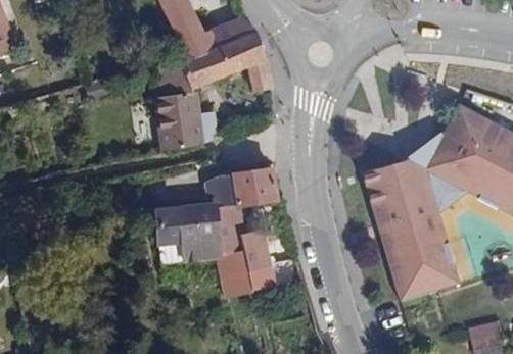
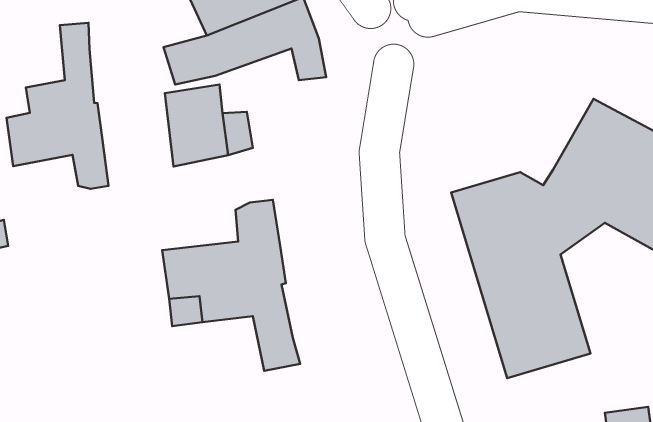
building: none -> [7,23,108,189]
building: [233,168,277,207] -> none
building: [239,230,271,272] -> none

